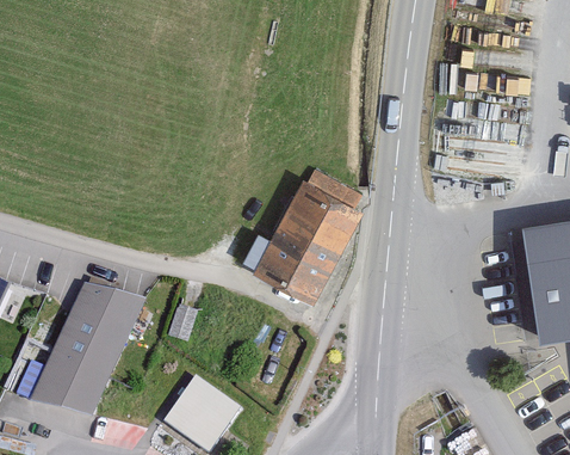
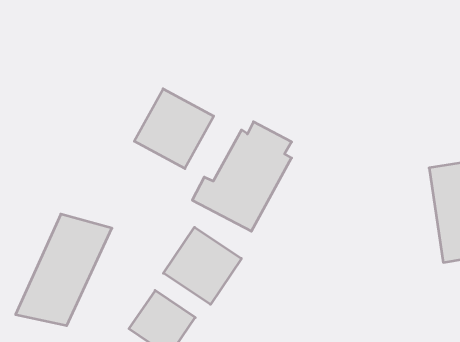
building: none -> [134,89,214,169]
building: none -> [163,227,241,304]

